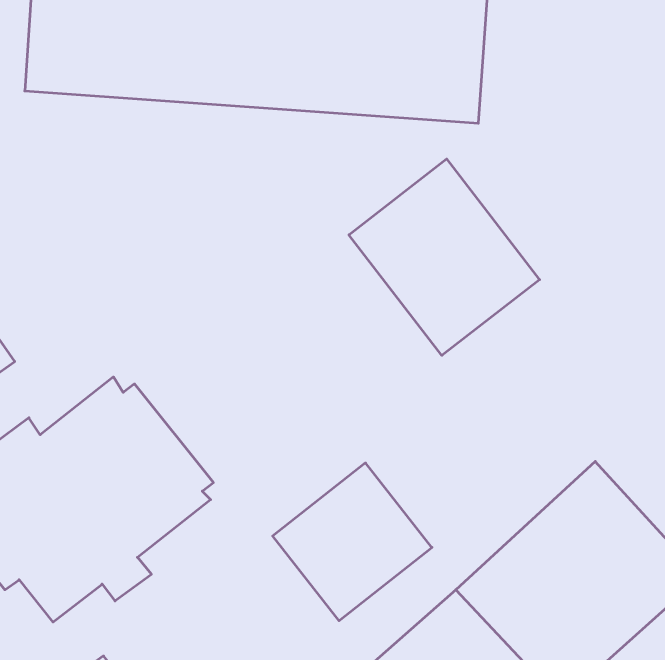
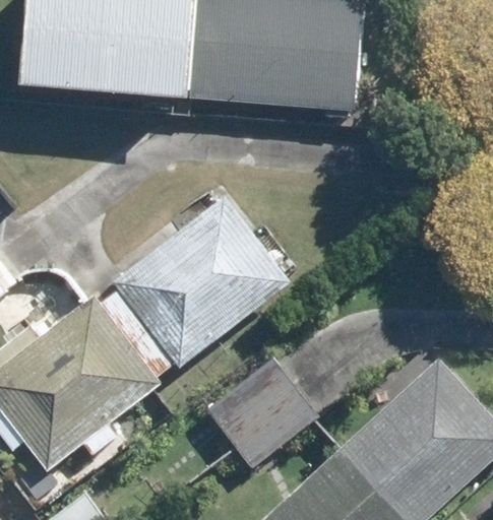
building: [349,159,540,355] -> none
building: none -> [106,196,290,372]

